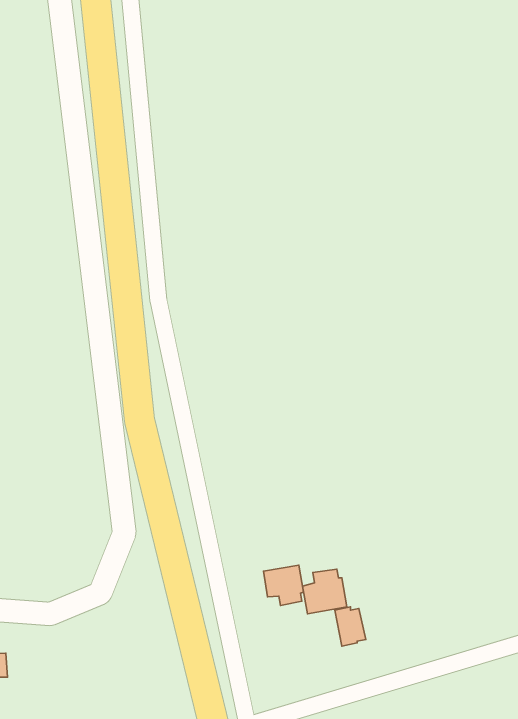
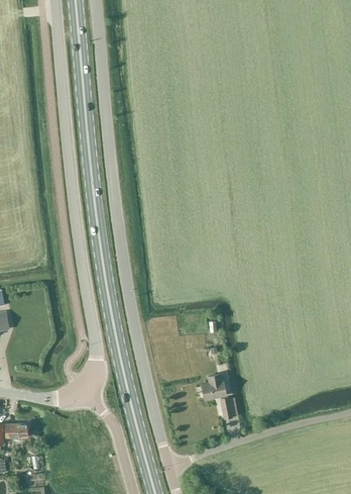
building: [263,565,303,605] -> none

